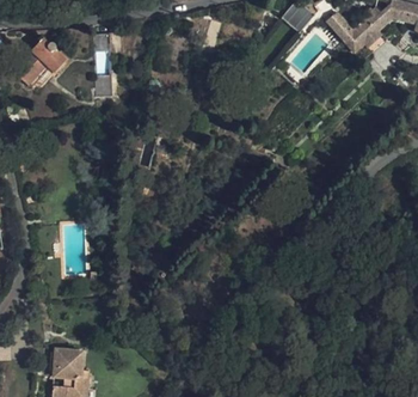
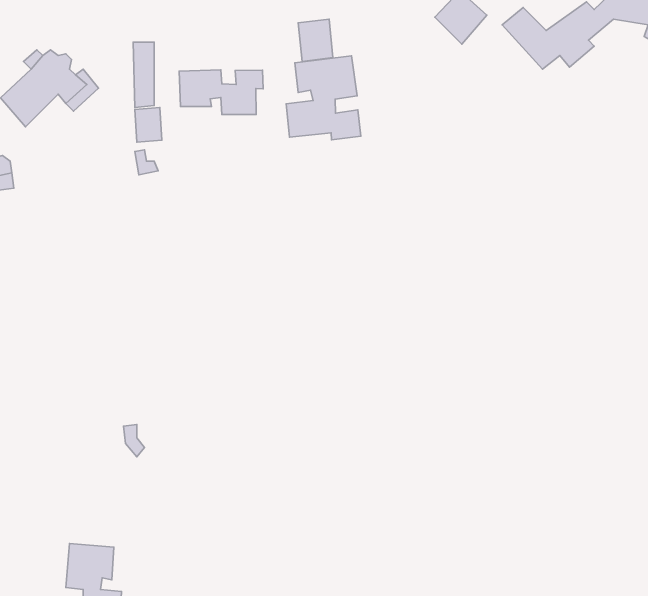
building: none -> [286,56,361,140]
building: none -> [179,70,263,115]

